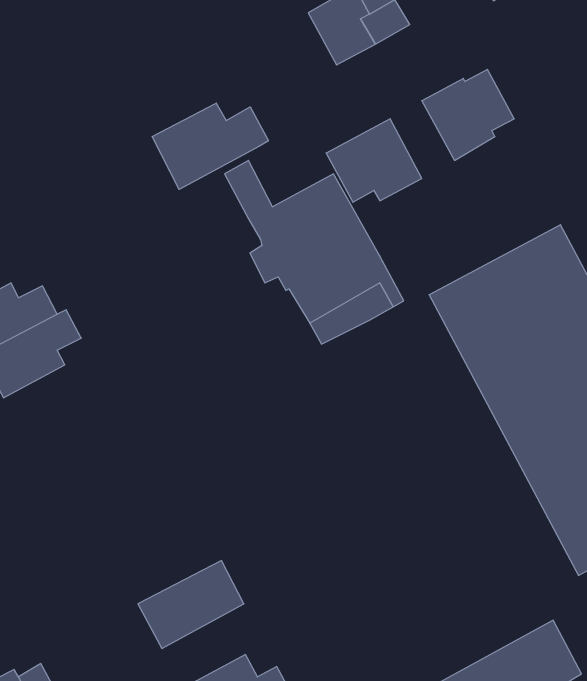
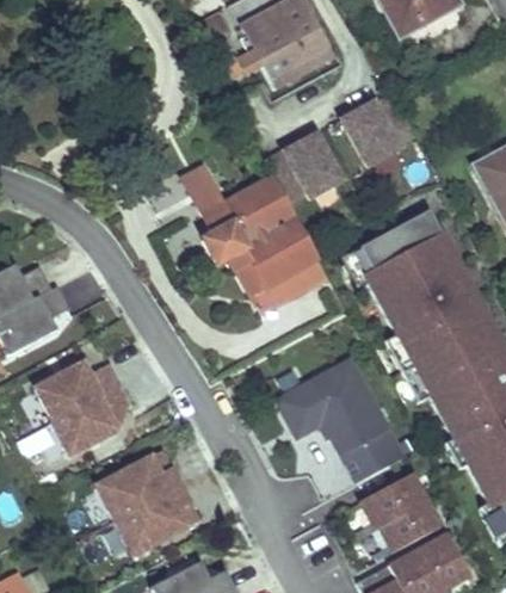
building: [152,103,268,189] -> none
building: none -> [276,359,403,482]
building: none -> [35,362,128,456]
building: none -> [95,450,181,520]
building: none -> [357,474,440,561]

